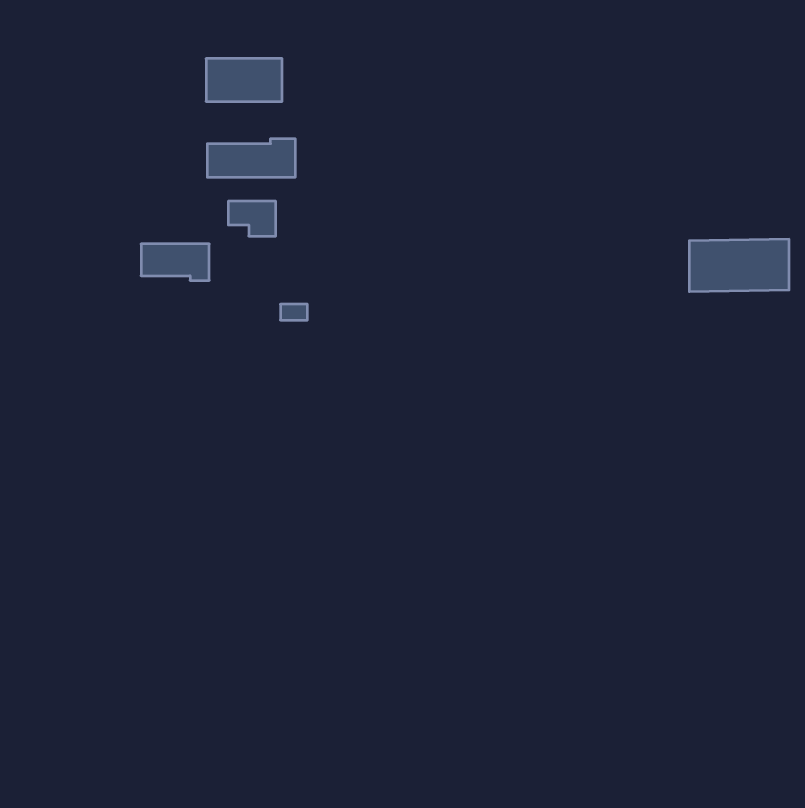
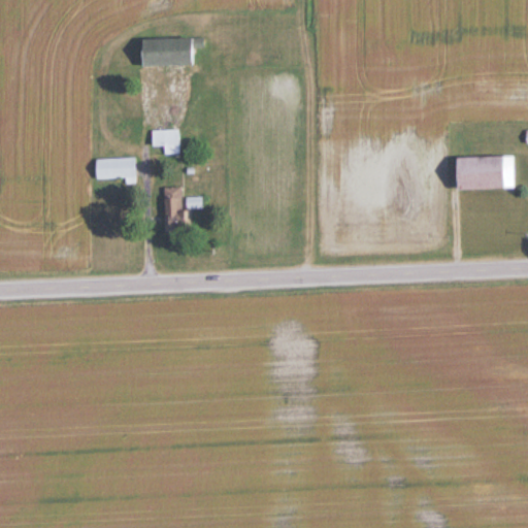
building: [207,139,295,177] -> none
building: none -> [164,188,191,232]

